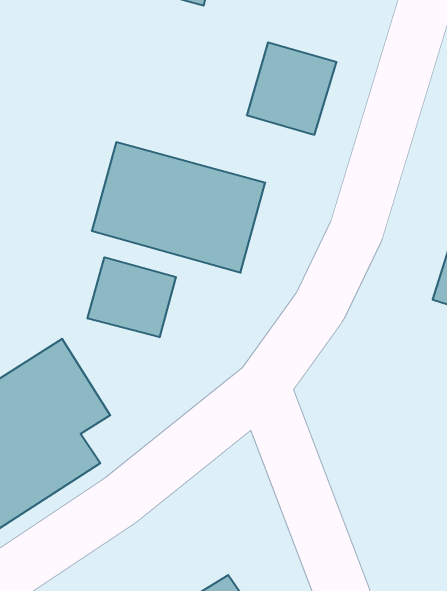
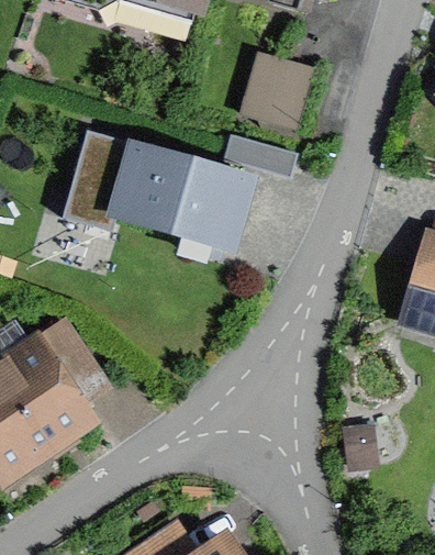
building: [88,257,176,337] -> none

